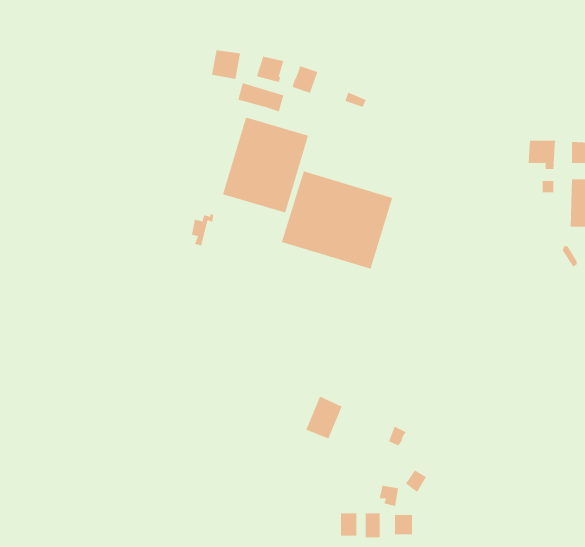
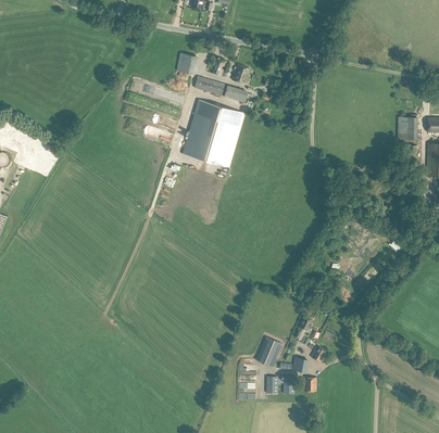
building: [281,171,393,269] -> none
building: [305,396,343,439] -> [255,335,281,366]

